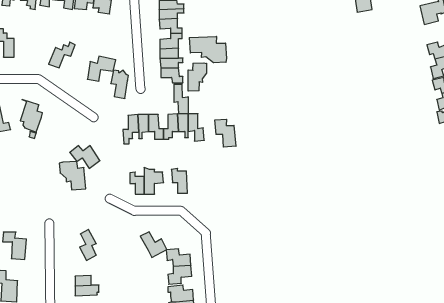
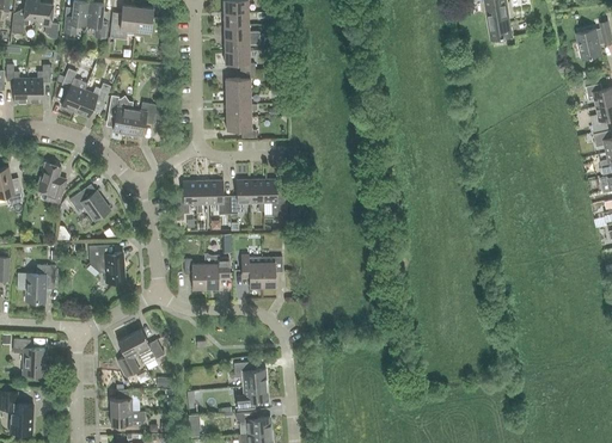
building: none -> [27,64,50,103]
building: none -> [61,68,84,112]
building: [189,36,227,63] -> none
building: [188,63,207,91] -> none
building: [111,70,128,98] -> [108,94,131,133]
building: [174,84,188,114] -> none
building: [215,119,236,147] -> none
building: [70,146,100,168] -> [68,190,109,221]
building: none -> [261,257,282,287]
building: none -> [17,264,55,300]
building: [140,232,167,257] -> [128,330,164,364]

